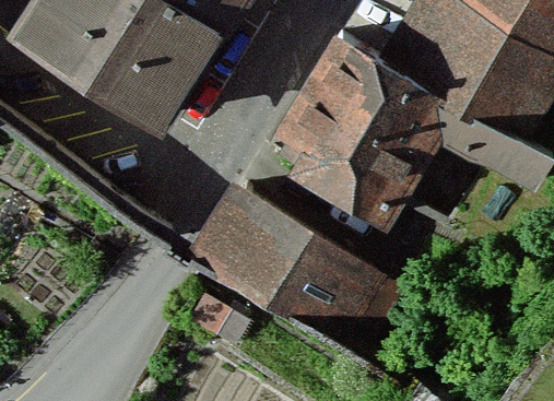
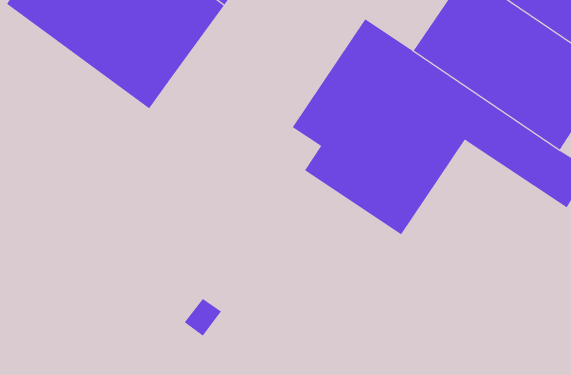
building: [198,189,396,347] -> none

